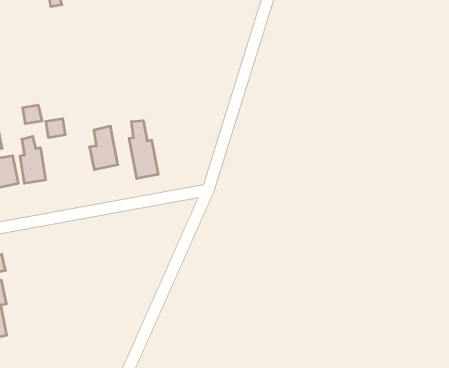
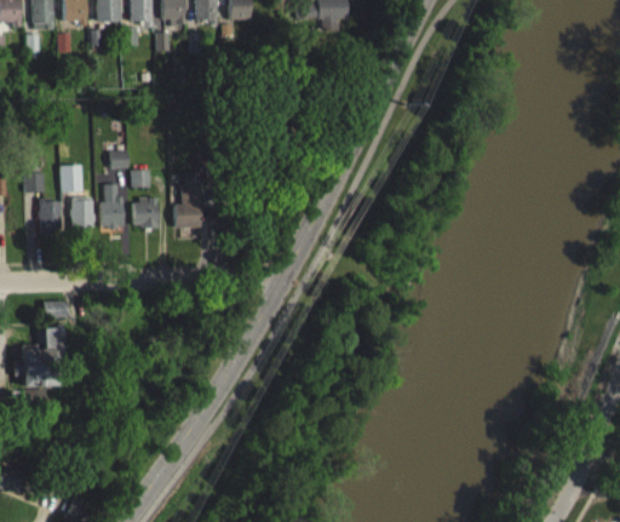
building: [129,121,158,179] -> none
building: none -> [133,199,159,228]

